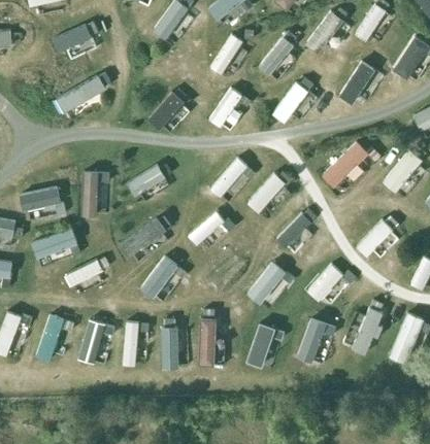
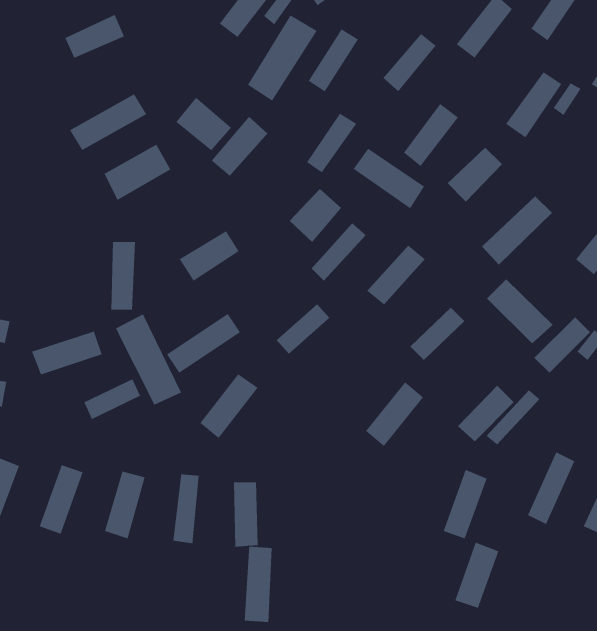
building: none -> [247,14,317,101]
building: none -> [176,97,232,151]
building: none -> [104,144,171,201]
building: none -> [447,147,503,203]
building: none -> [353,148,425,209]
building: none -> [289,188,342,243]
building: [19,186,60,210] -> none
building: none -> [486,278,553,344]
building: none -> [115,313,182,406]
building: [197,317,216,367] -> [244,546,272,623]
building: [246,323,275,367] -> [455,542,499,609]

